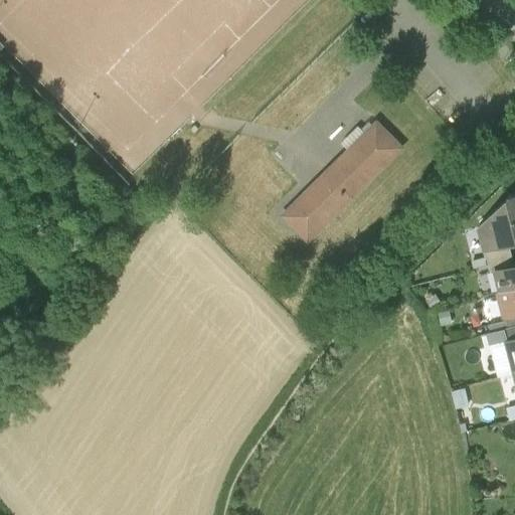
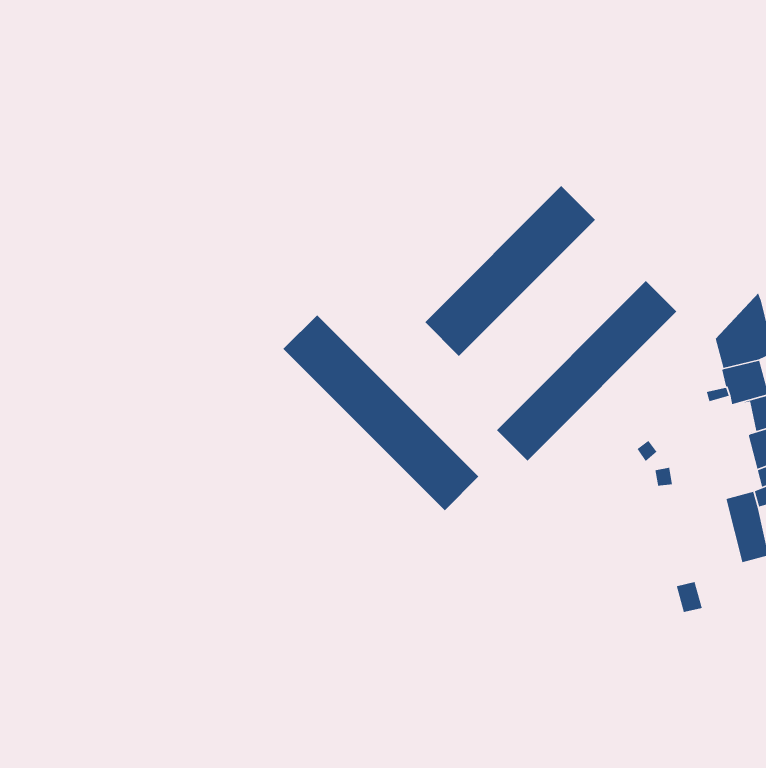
building: none -> [496,280,677,461]
building: none -> [283,314,479,511]

